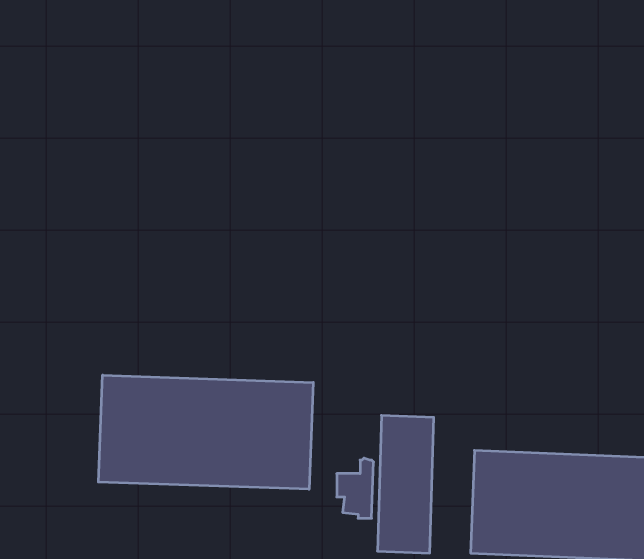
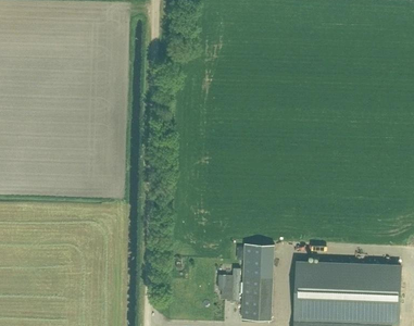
building: [98,375,313,489] -> none

